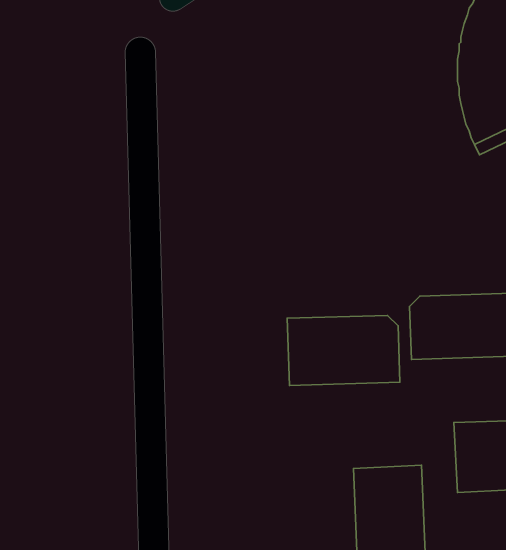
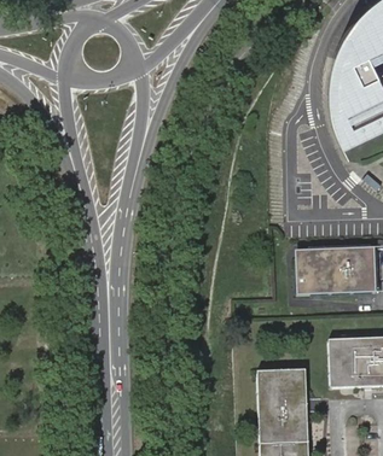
building: [287,316,400,386] -> none

